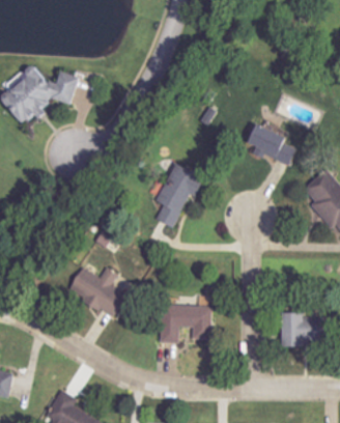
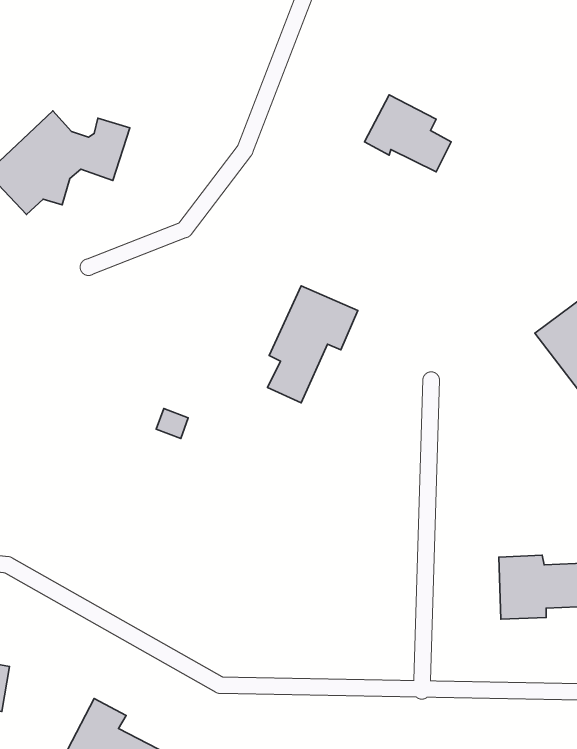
building: [249,123,296,166] -> [365,95,451,172]
building: [68,266,125,316] -> none
building: [161,304,214,342] -> none

